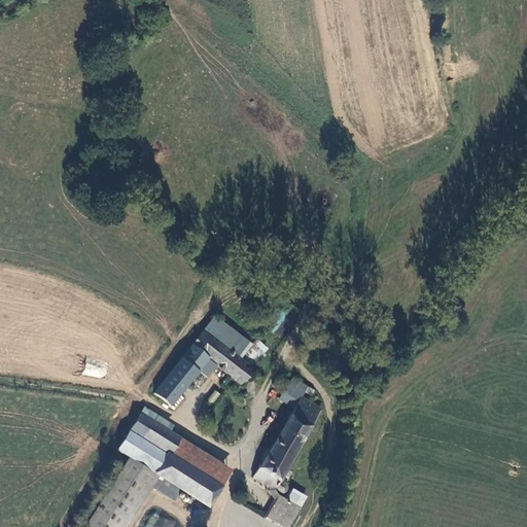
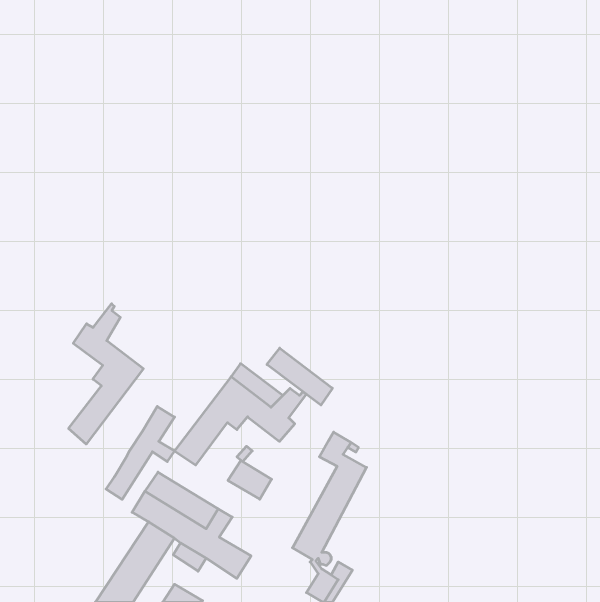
building: none -> [69,304,143,444]
building: none -> [267,348,332,405]
building: none -> [106,406,175,499]
building: [194,451,232,485] -> [228,460,272,499]

